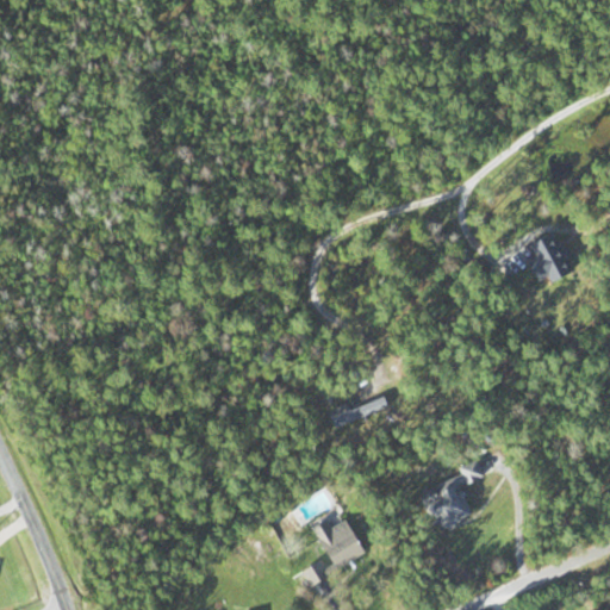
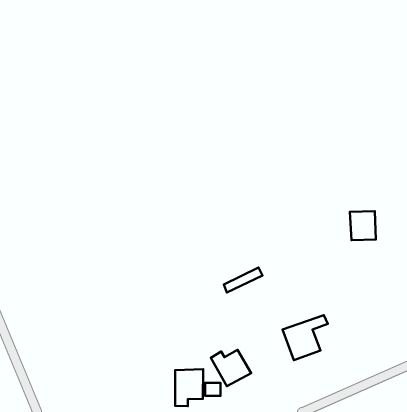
building: [530,238,568,281] -> [350,211,376,240]
building: none -> [175,369,203,406]

